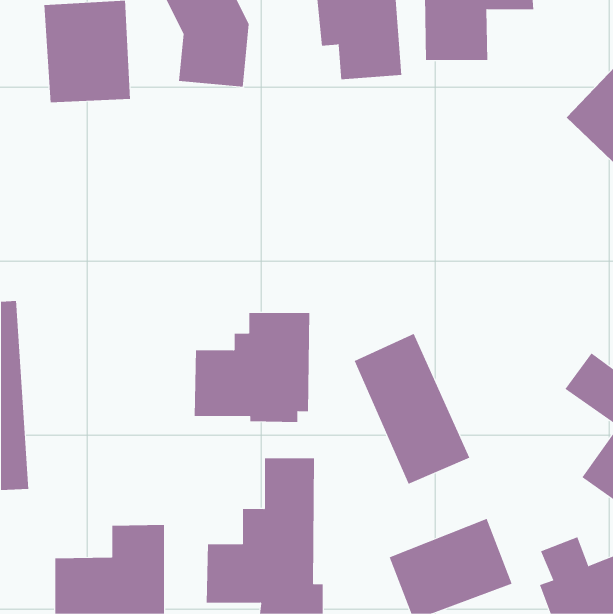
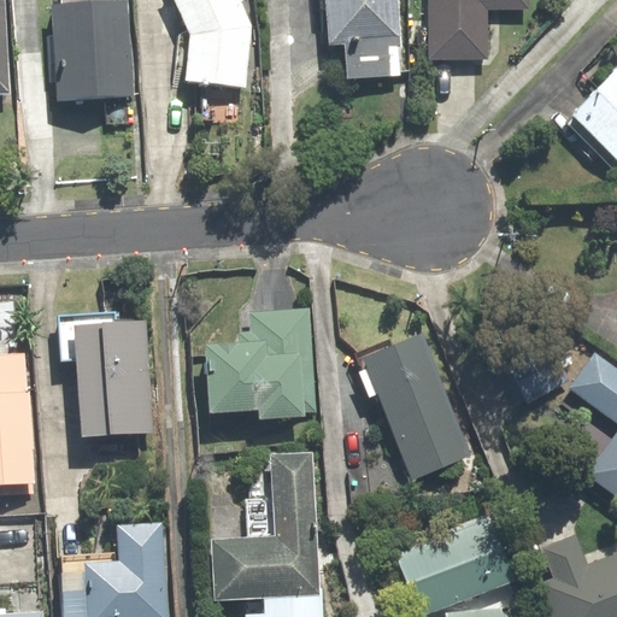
building: none -> [58,311,153,441]

